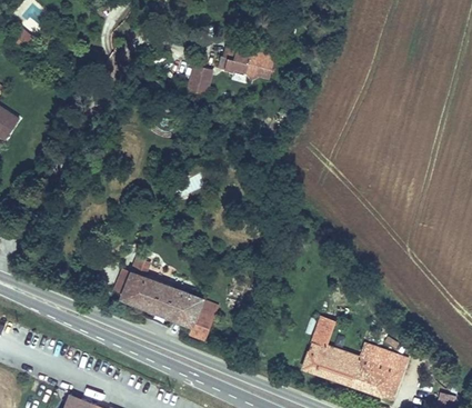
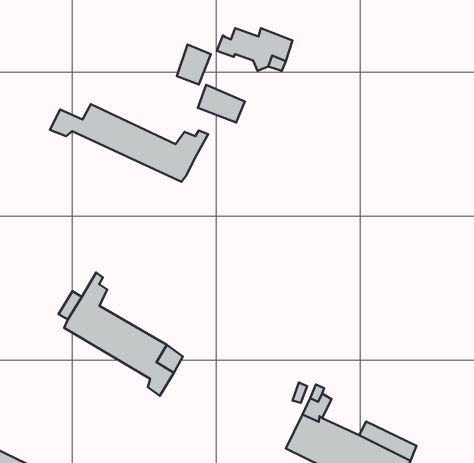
building: none -> [198,85,245,123]
building: none -> [50,104,208,182]

